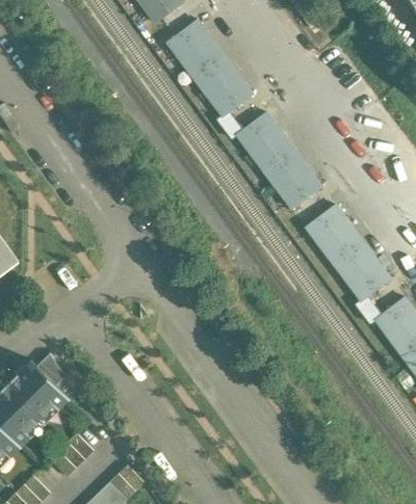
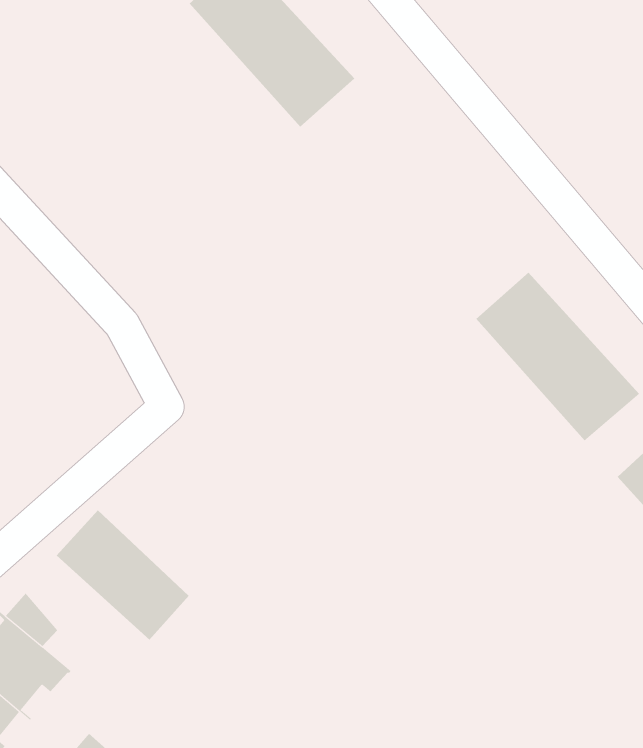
building: [237,113,322,209] -> none
building: none -> [56,510,189,640]

